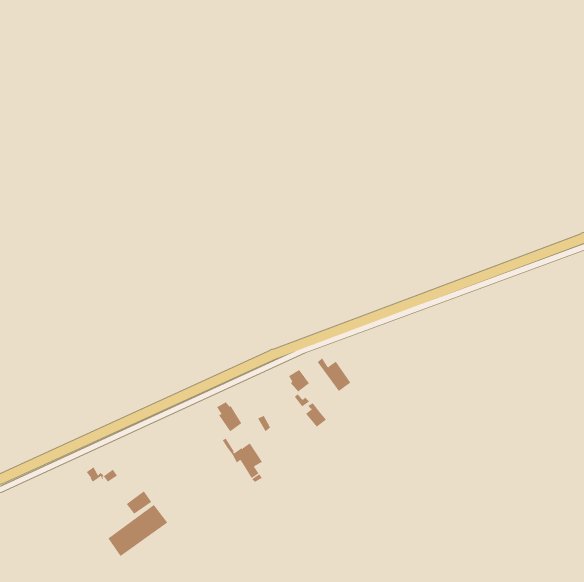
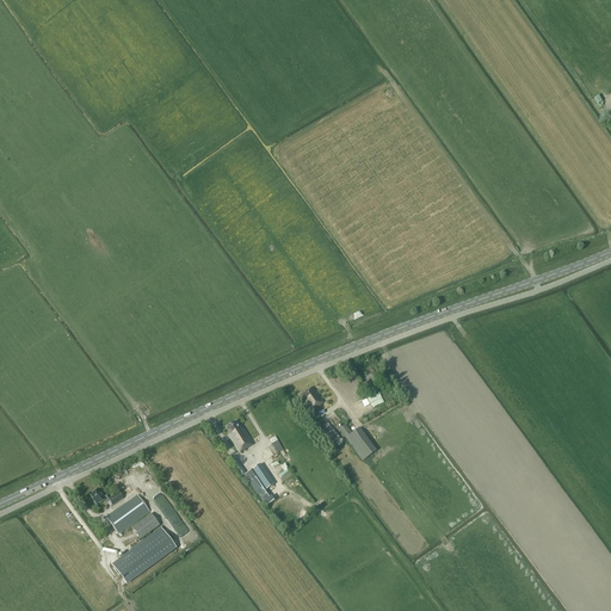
building: [317,357,351,392] -> [339,422,375,458]
building: none -> [106,494,149,532]

